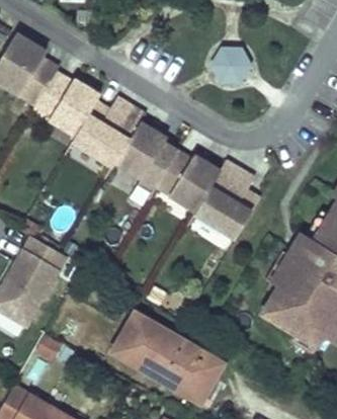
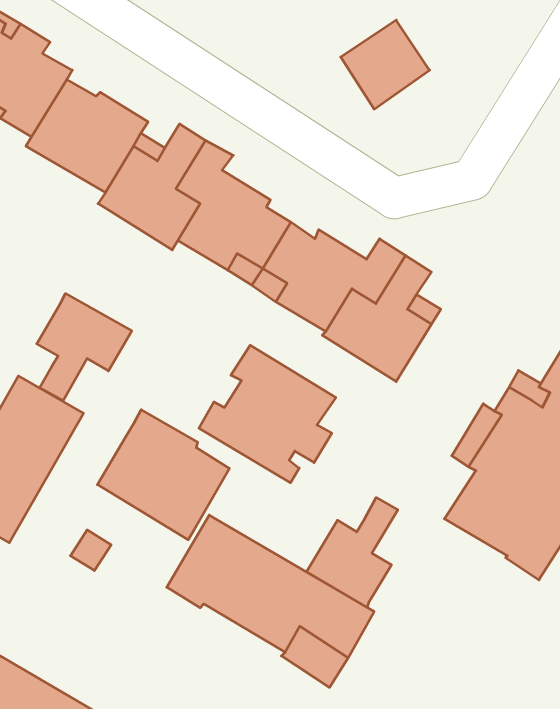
building: none -> [37,294,132,401]
building: none -> [199,345,336,483]
building: none -> [97,410,229,540]
building: none -> [307,498,398,607]

